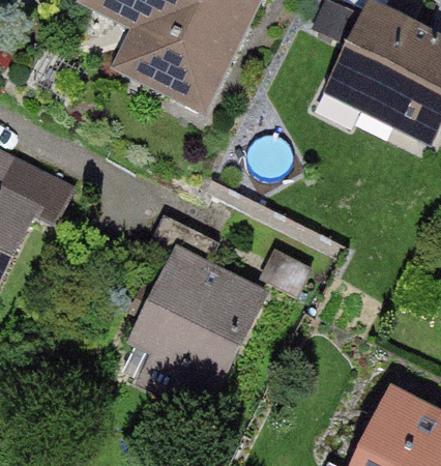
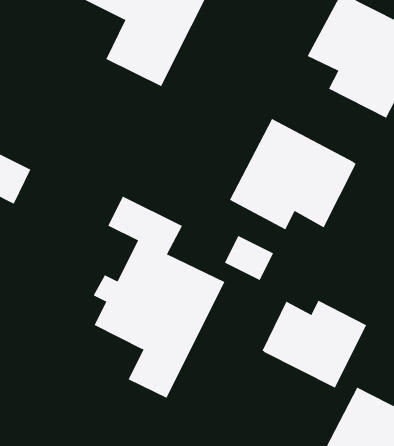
building: none -> [229,118,356,230]
building: none -> [262,300,367,389]

